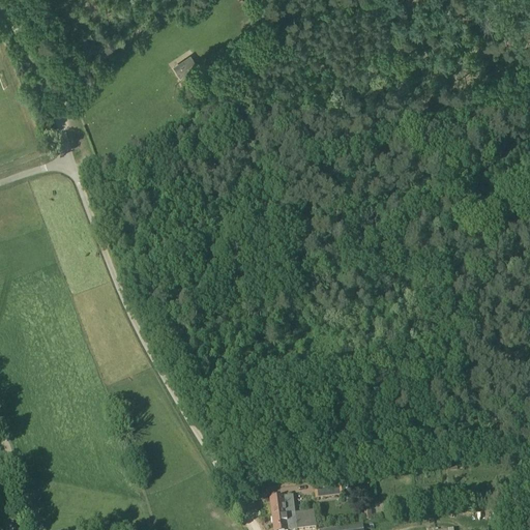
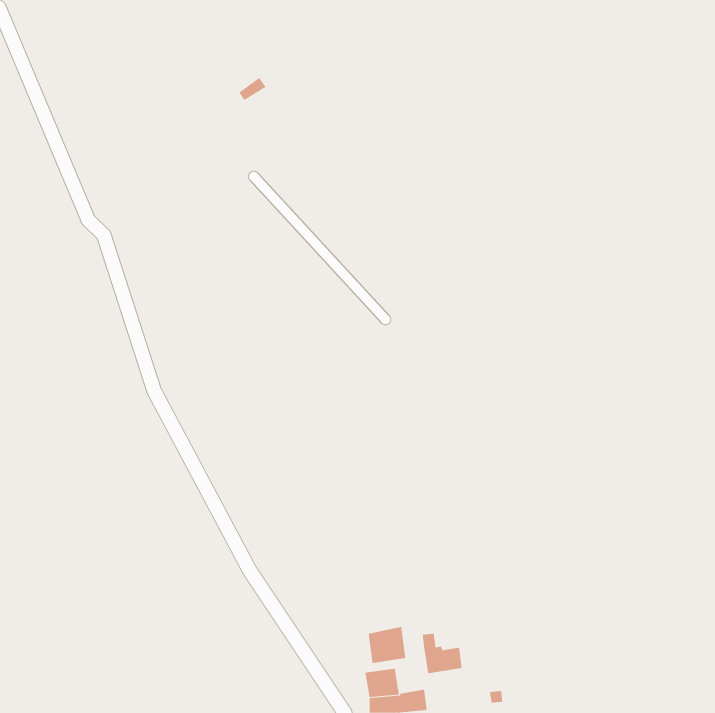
building: none -> [368,626,406,664]

